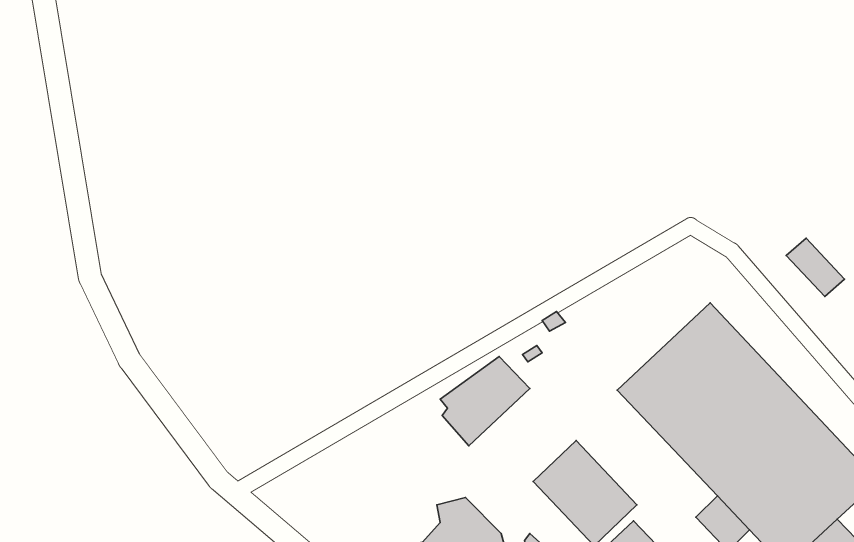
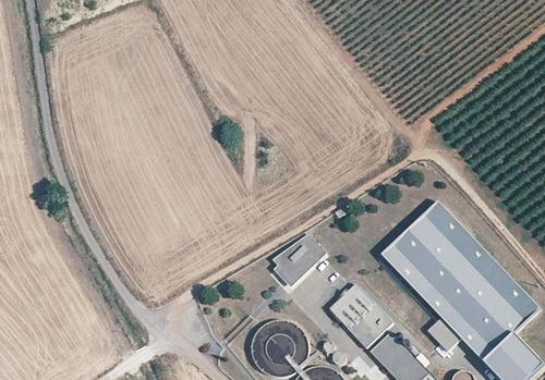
building: [786,238,845,297] -> none

